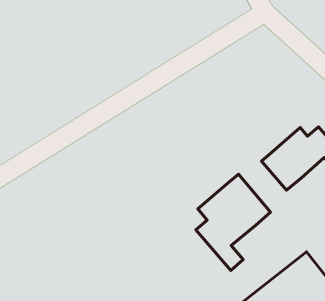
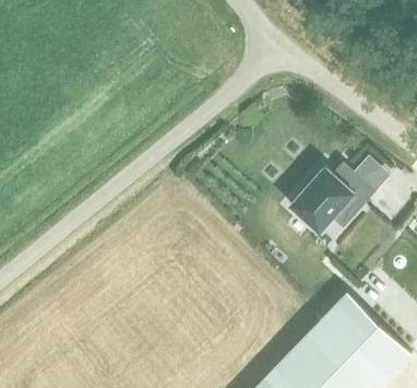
building: [196,174,271,270] -> none

